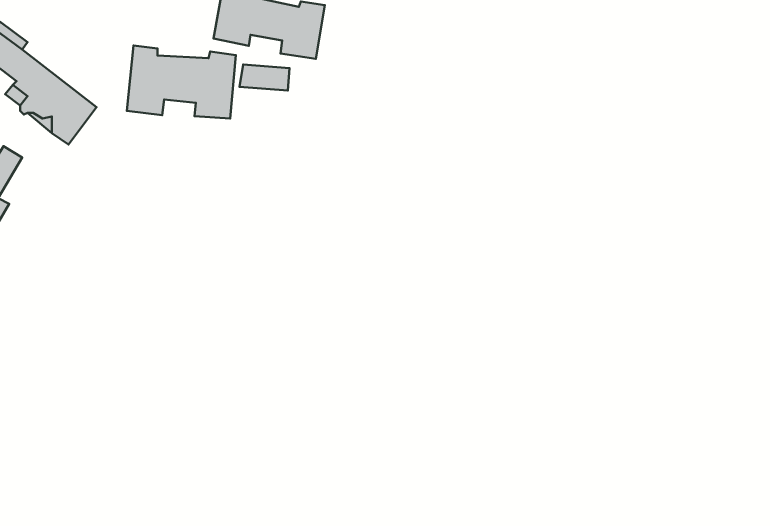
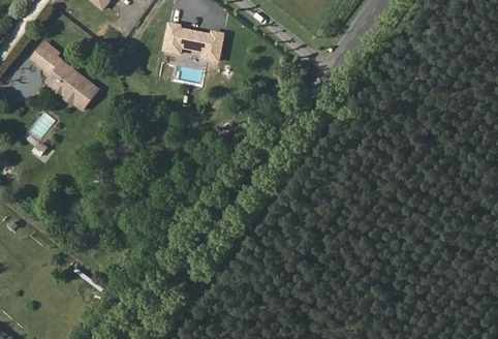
building: [127,46,236,118] -> none

